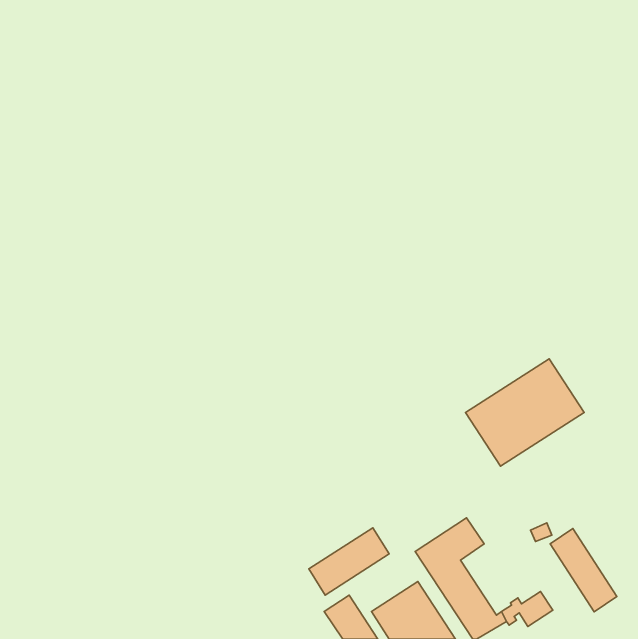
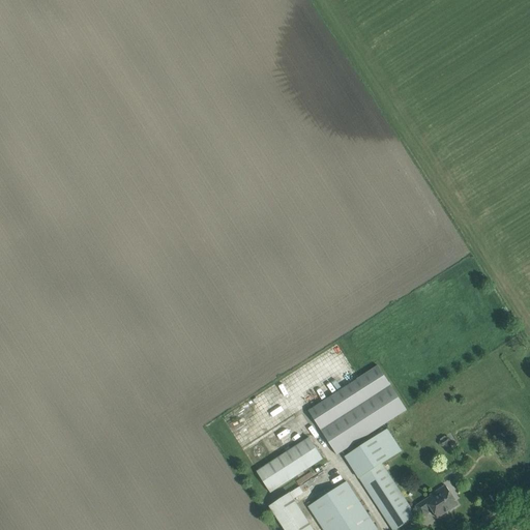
building: [465,359,584,466] -> [307,365,406,454]
building: [550,528,617,612] -> none

